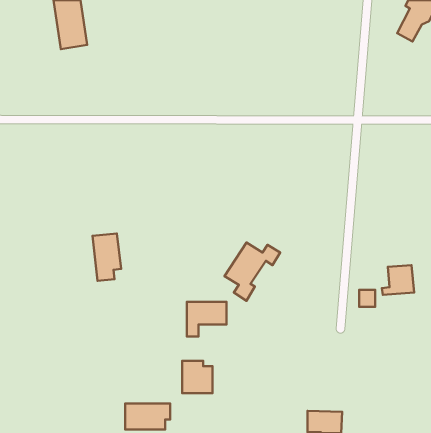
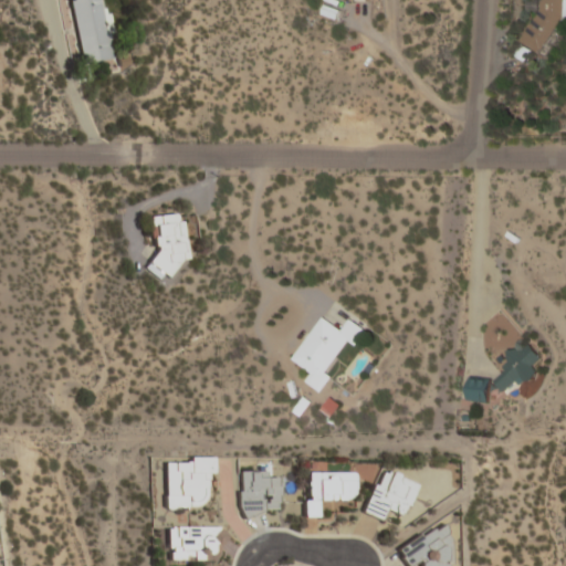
building: [92,233,121,281] -> [150,213,188,275]
building: [187,302,227,336] -> [305,472,357,517]
building: none -> [163,457,214,509]
building: none -> [364,468,419,521]

